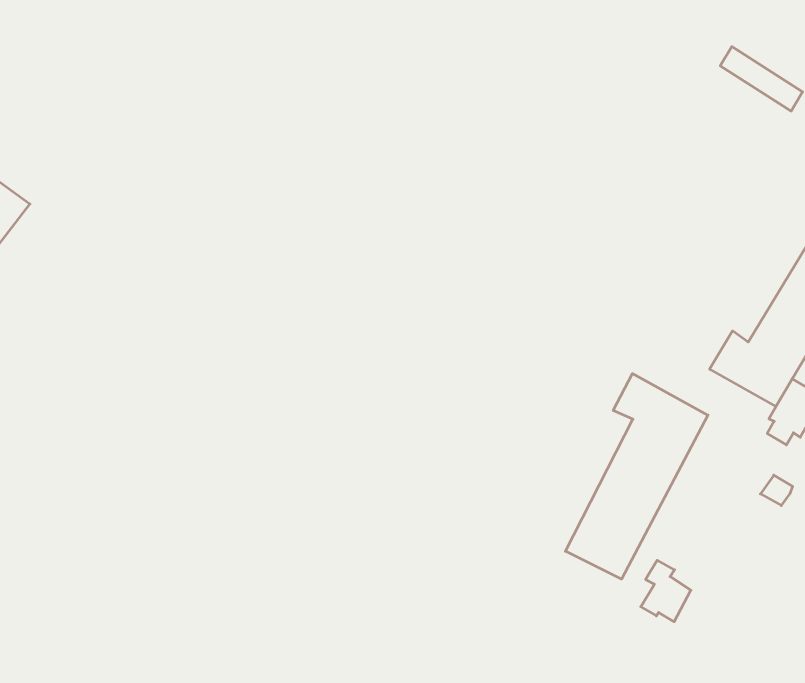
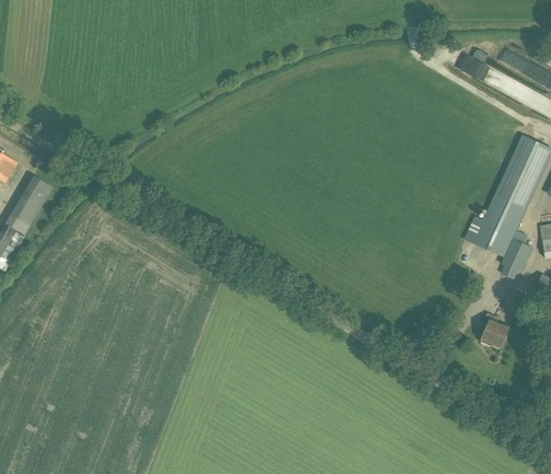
building: [565,374,708,579] -> none
building: [641,560,691,622] -> [480,313,508,348]

